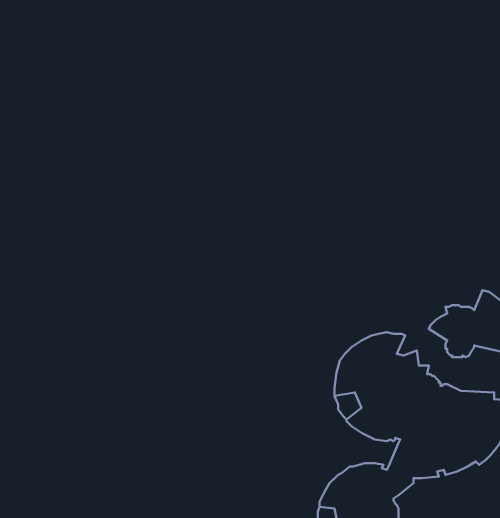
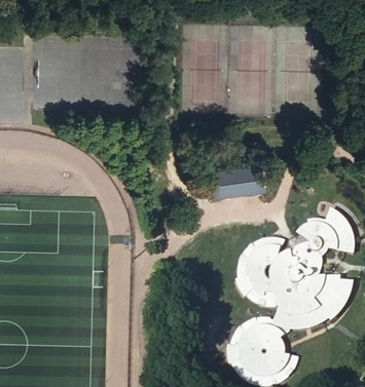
building: none -> [212,162,266,195]
building: none -> [291,243,322,274]

